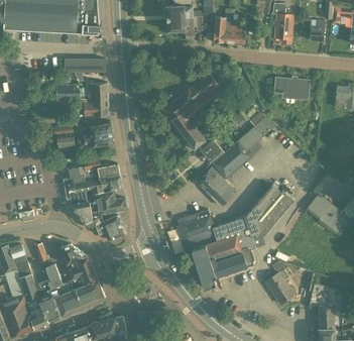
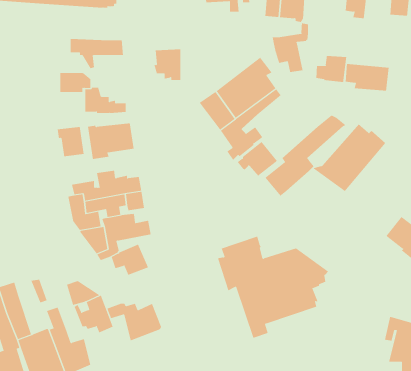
building: none -> [272,23,309,73]
building: none -> [316,55,347,83]
building: [87,83,108,107] -> [153,49,181,80]
building: [197,166,242,206] -> none
building: [238,184,294,236] -> [312,123,386,192]
building: [265,260,296,304] -> none
building: [63,278,105,308] -> [107,303,162,341]

